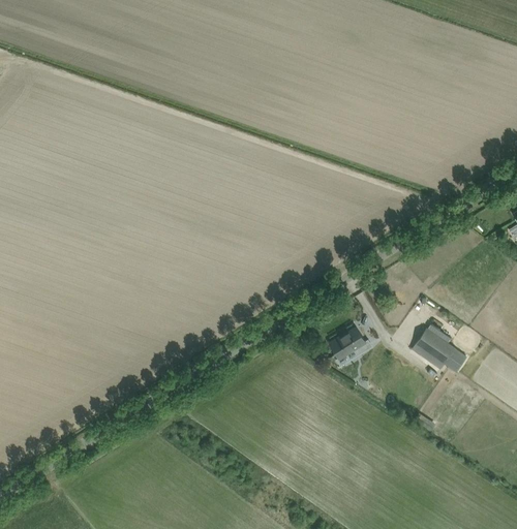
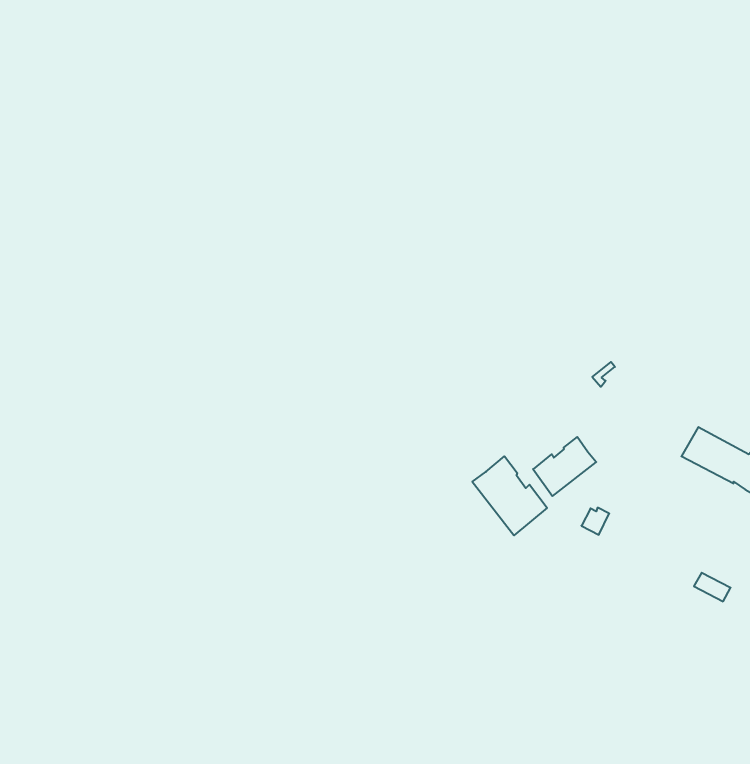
building: none -> [472,456,547,535]

